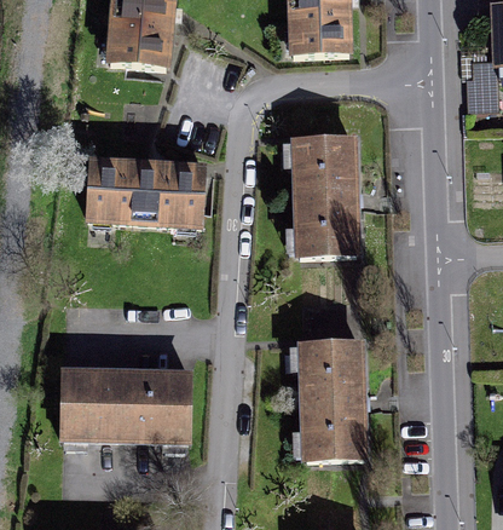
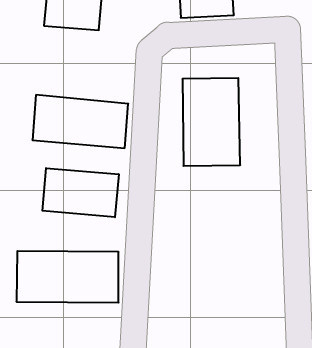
building: none -> [42,168,119,217]
building: [291,335,371,451] -> none

